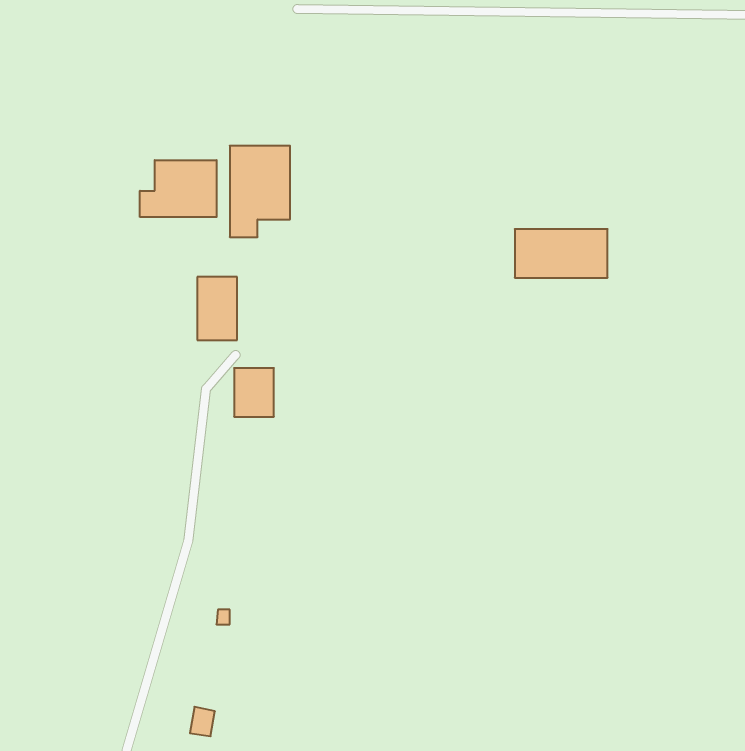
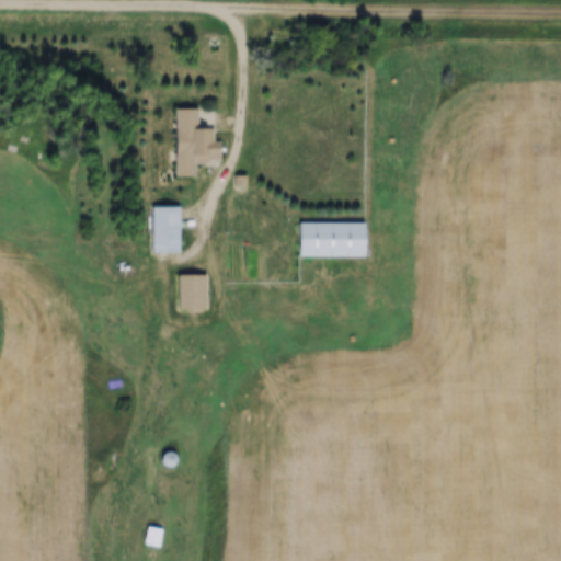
building: [140,160,217,217] -> none
building: [515,229,608,278] -> [299,221,368,257]

